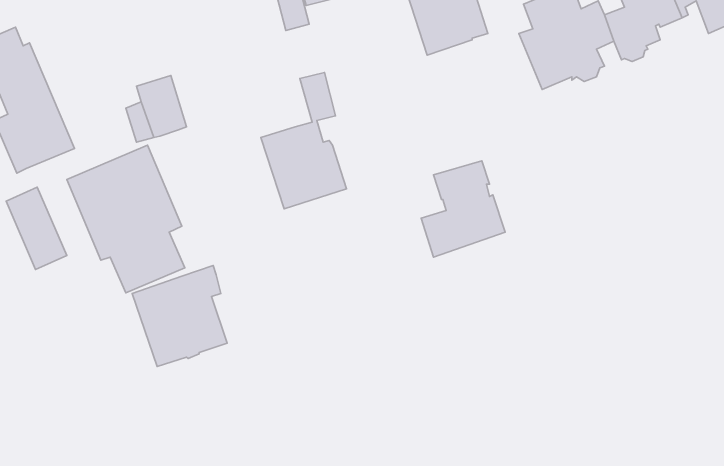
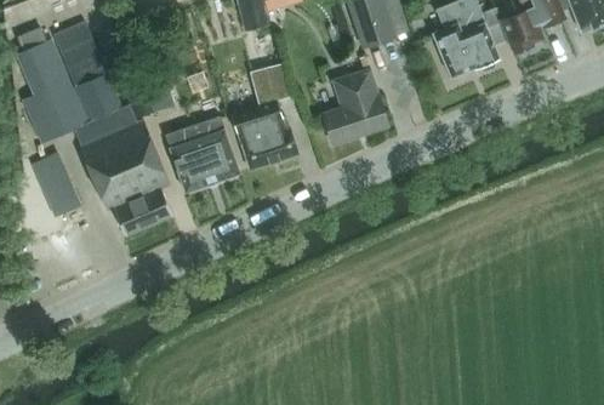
building: none -> [50,19,120,121]
building: [421,161,505,257] -> [321,69,387,144]
building: [132,265,227,366] -> [164,113,238,192]

